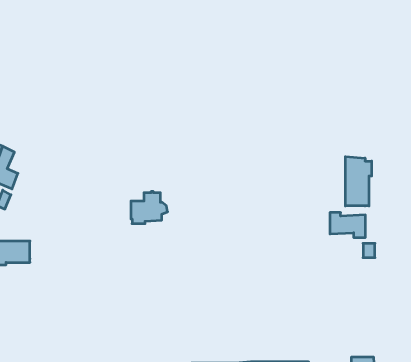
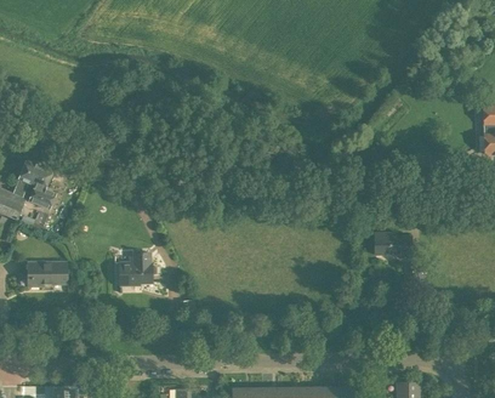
building: [345,157,372,206] -> none
building: [131,192,168,224] -> [119,252,157,285]

